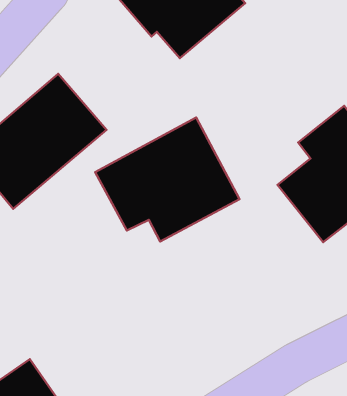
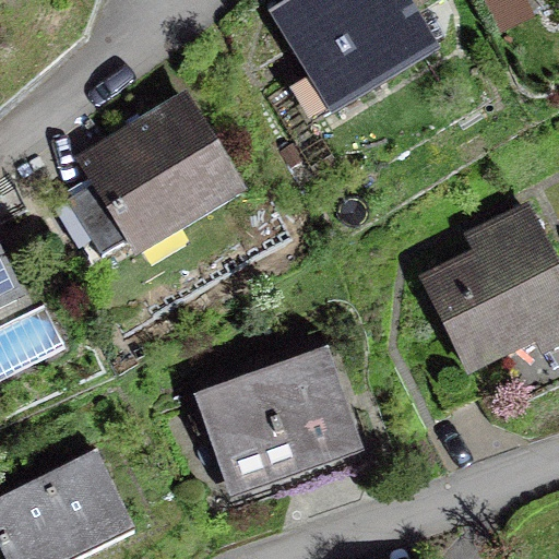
building: [95,118,240,242] -> none
building: none -> [200,350,357,495]

